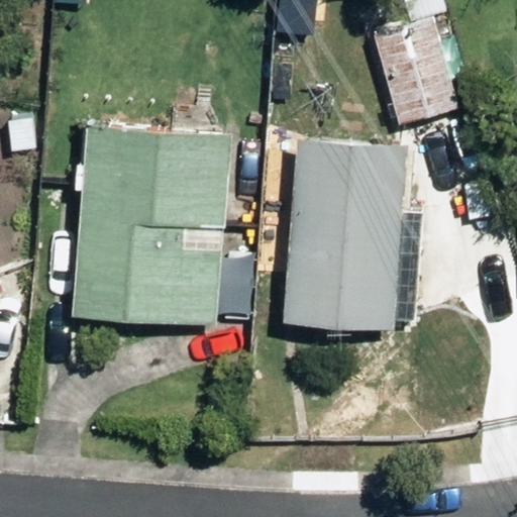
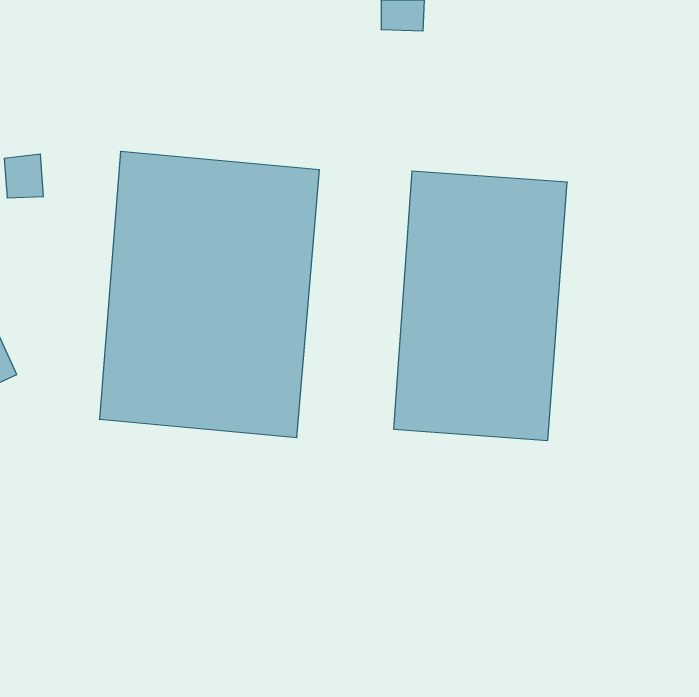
building: [372,22,456,129] -> none

